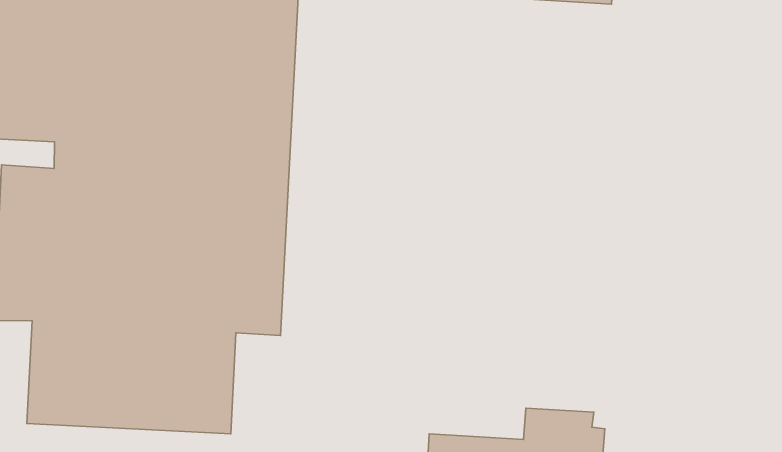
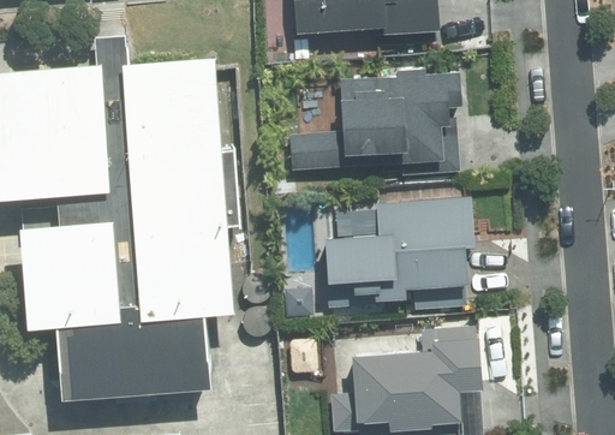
building: none -> [289,65,458,175]
building: none -> [320,198,473,312]

